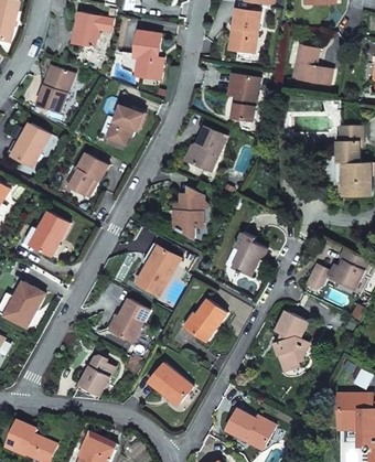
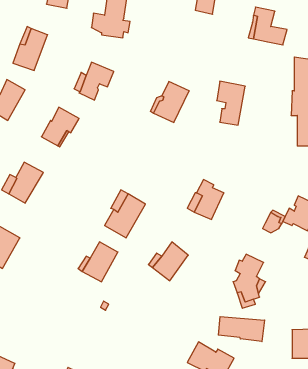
building: [229,74,260,121] -> [217,81,245,125]
building: [173,190,205,239] -> none
building: [73,357,115,400] -> none
building: [150,363,193,401] -> none
building: none -> [218,317,265,342]

